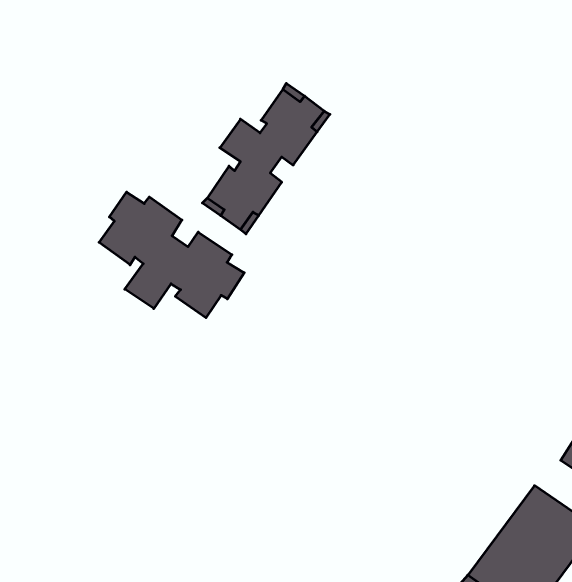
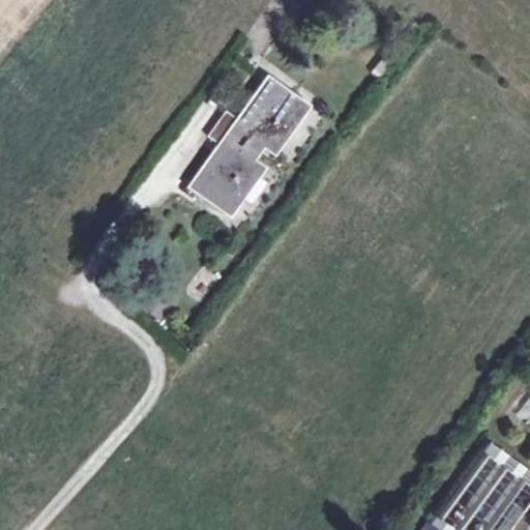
building: [99,192,244,318] -> none

